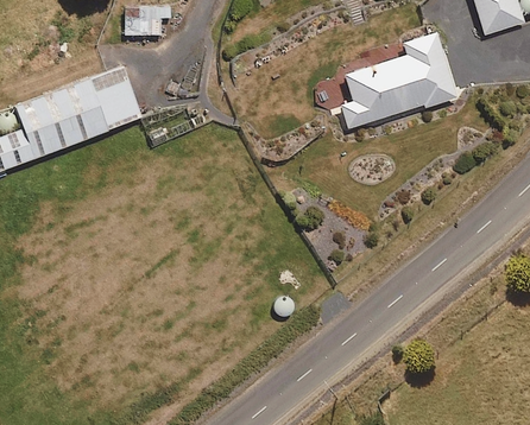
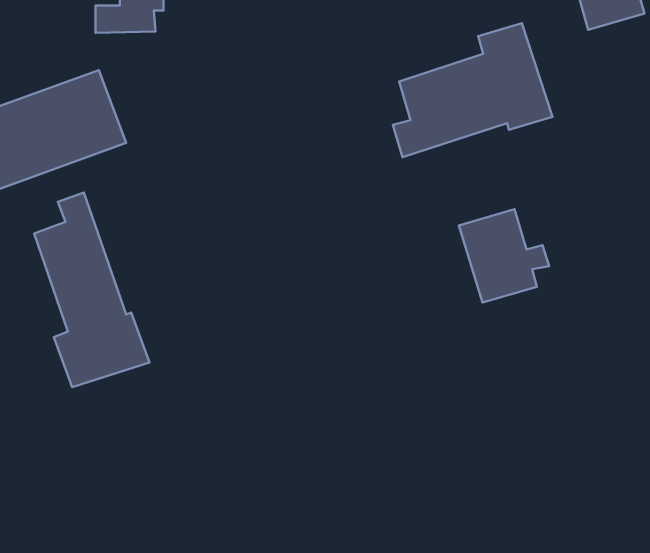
building: none -> [34,192,149,387]
building: none -> [459,209,549,302]

